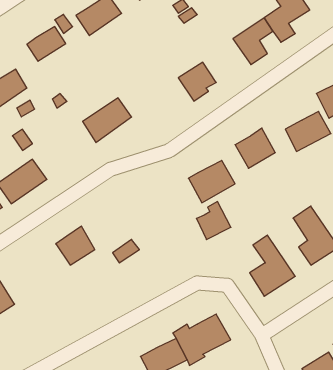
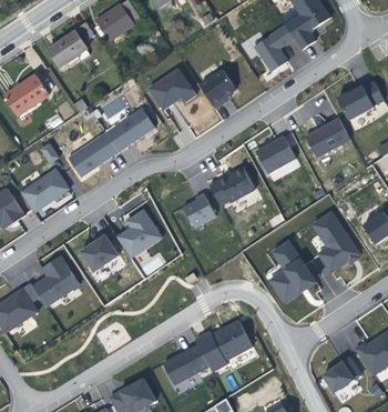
building: none -> [150,68,196,108]
building: none -> [67,128,118,174]
building: none -> [115,207,161,255]
building: [196,202,231,240] -> [183,191,217,229]
building: none -> [31,252,78,304]

